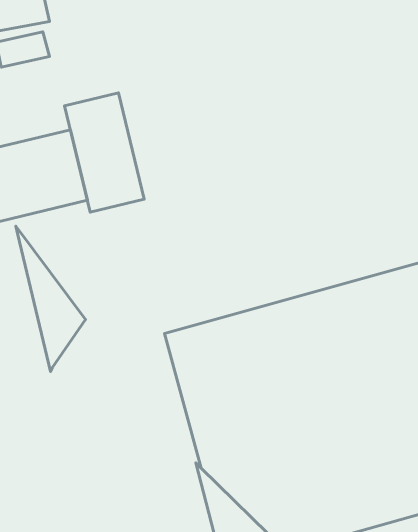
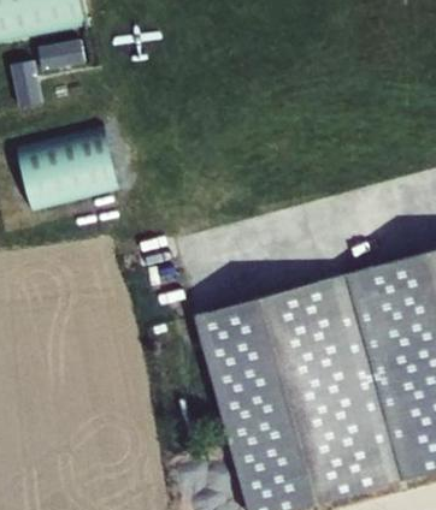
building: [65,93,144,212] -> none
building: [16,226,86,372] -> none

